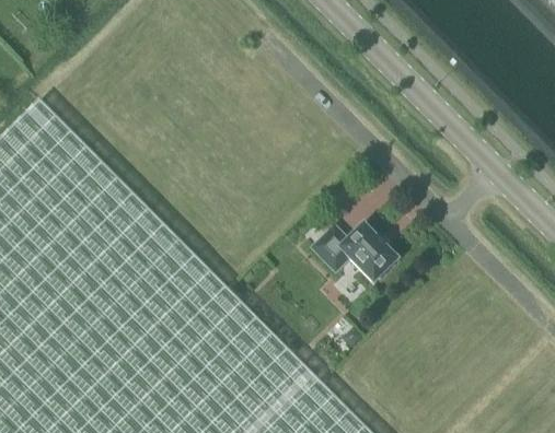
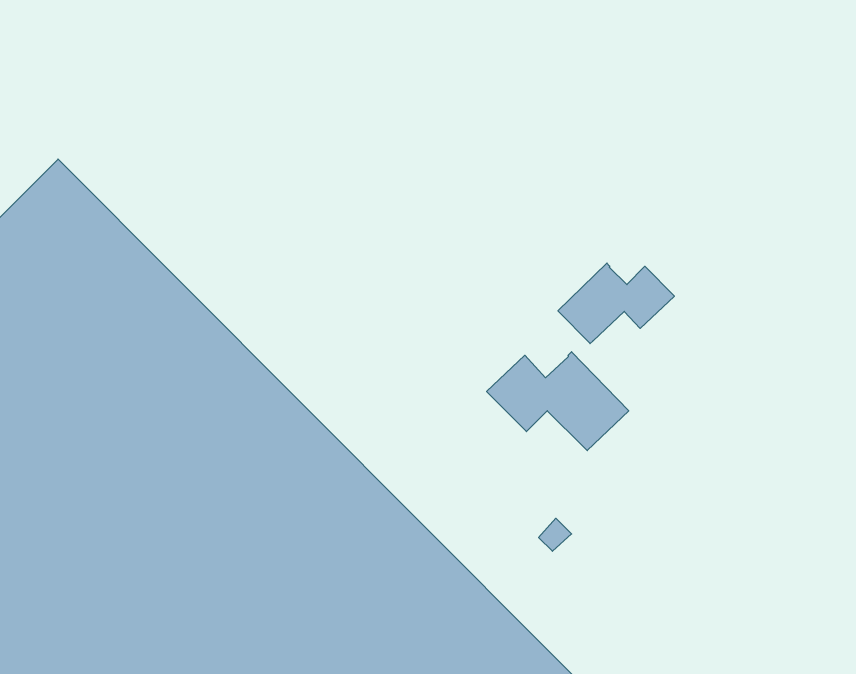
building: none -> [558,263,674,344]

